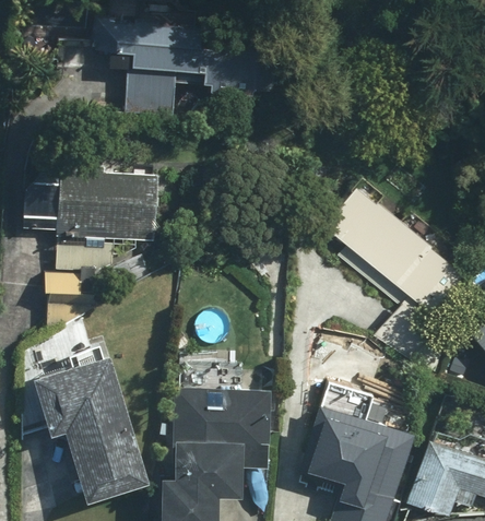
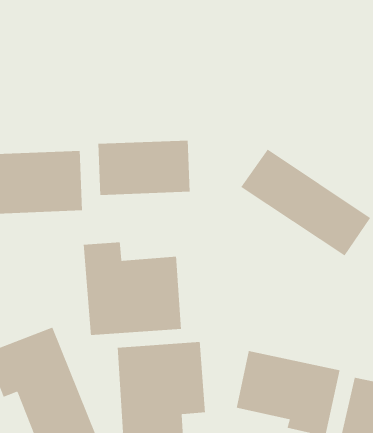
building: [93,22,246,116] -> none
building: none -> [97,140,191,196]
building: none -> [83,242,182,336]

